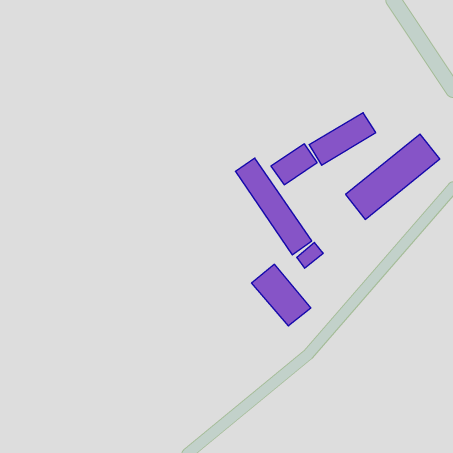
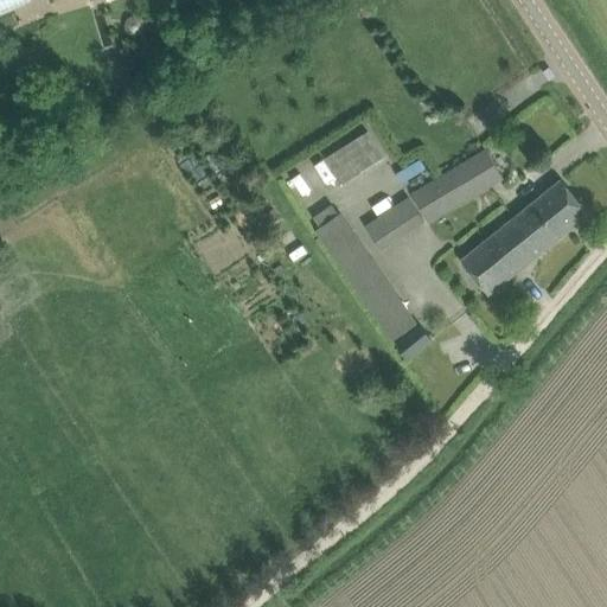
building: none -> [324,128,385,183]
building: [252,264,311,326] -> none

